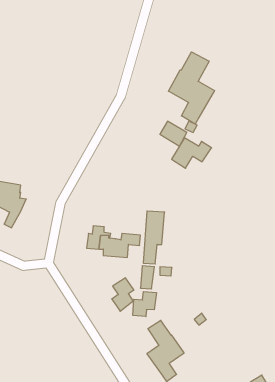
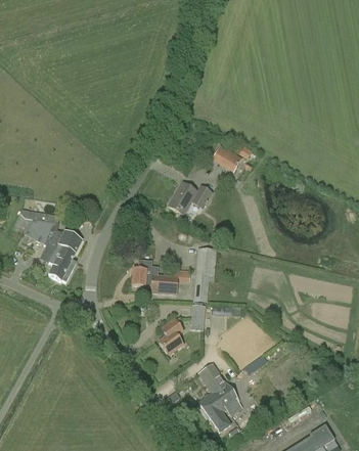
building: [168,52,215,124] -> none
building: [172,138,212,168] -> [169,182,213,216]
building: none -> [49,230,84,282]
building: [133,292,156,317] -> none

